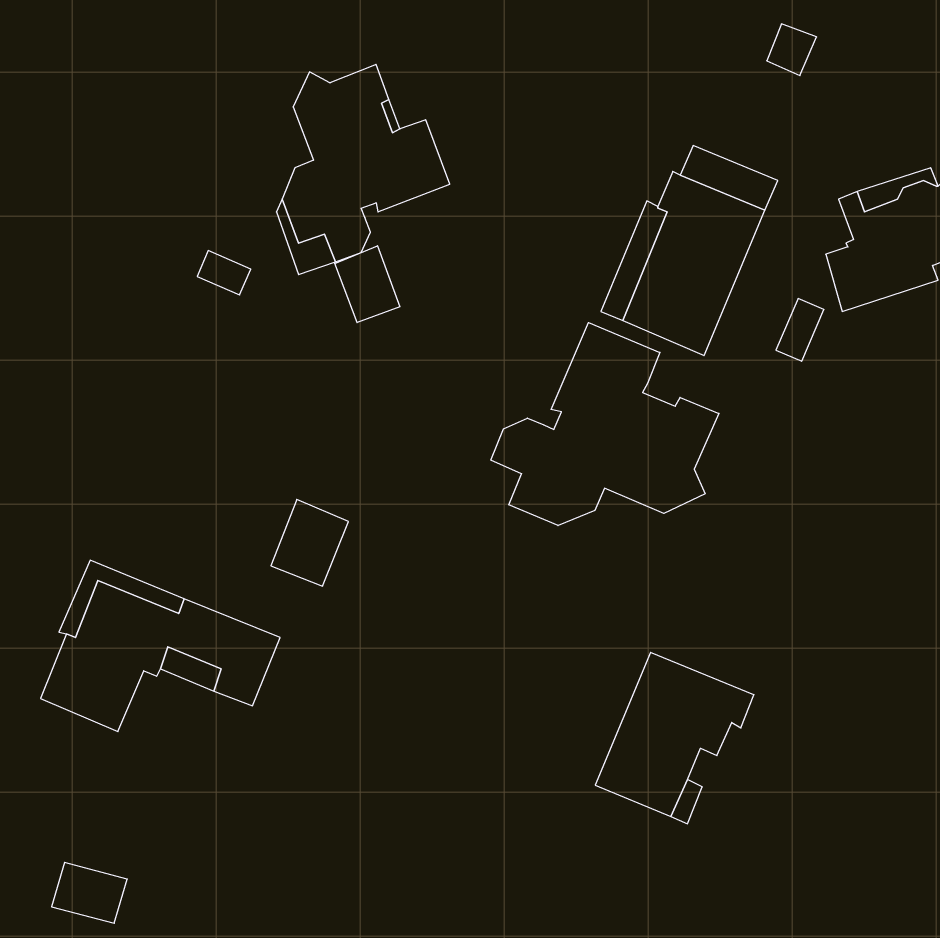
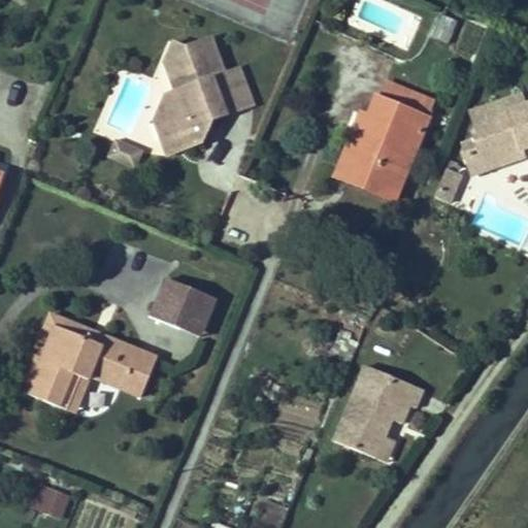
building: [335,246,400,323] -> none
building: [491,323,719,526] -> none
building: none -> [182,292,216,336]

